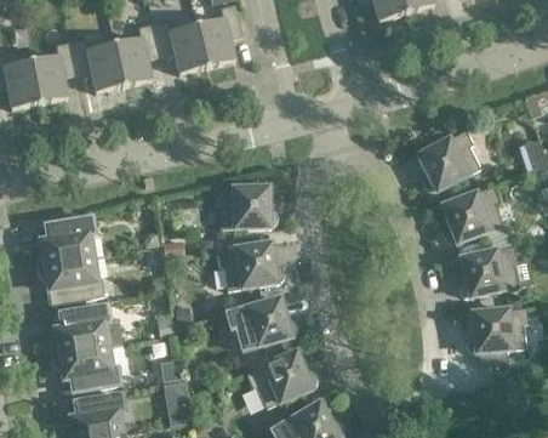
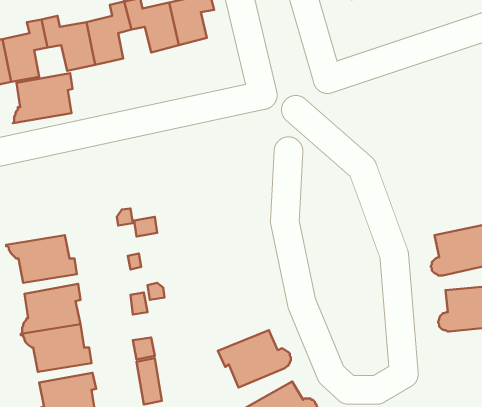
building: [418,127,481,189] -> none
building: [444,183,503,241] -> none
building: [215,184,279,227] -> none
building: [35,215,95,264] -> [13,73,73,123]
building: [217,240,285,289] -> none
building: [228,296,298,348] -> none

